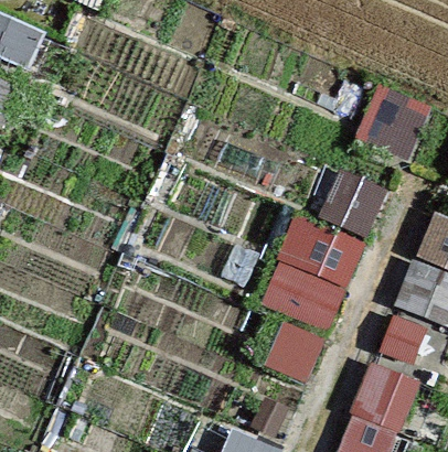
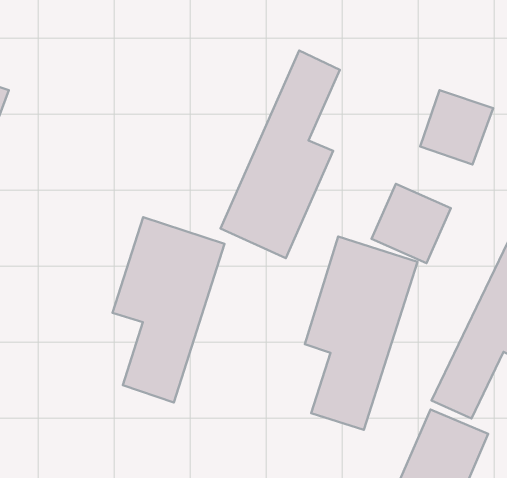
building: none -> [220,51,340,258]
building: none -> [112,217,224,402]

